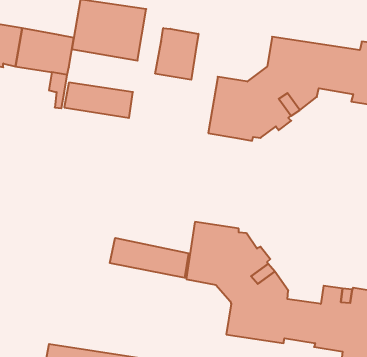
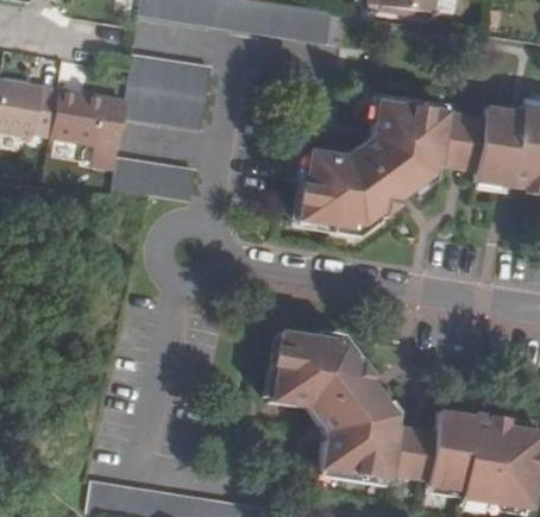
building: [155,28,198,80] -> none
building: [110,238,189,278] -> none

